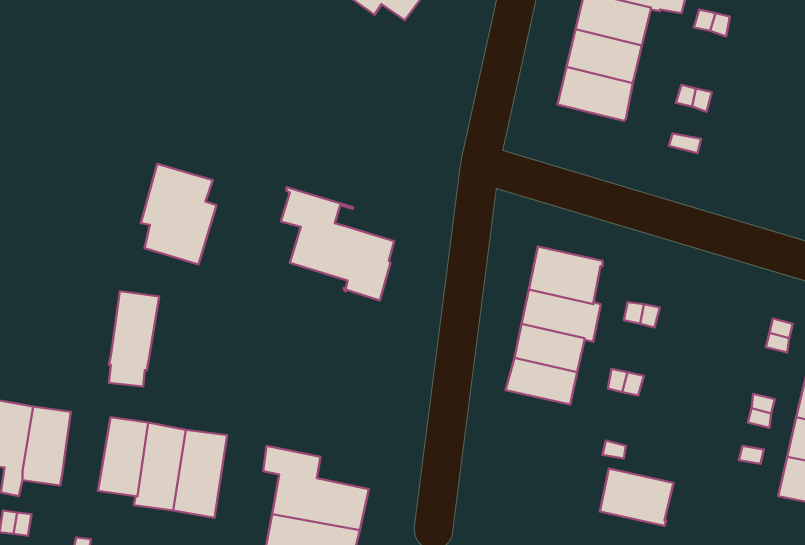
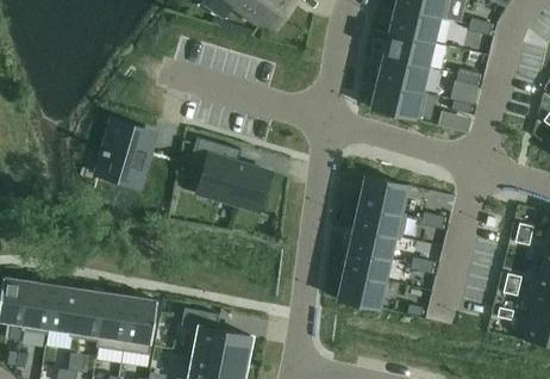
building: none -> [370,82,427,120]
building: [109,291,159,386] -> [48,286,81,349]
building: [600,468,674,526] -> [337,272,386,310]

